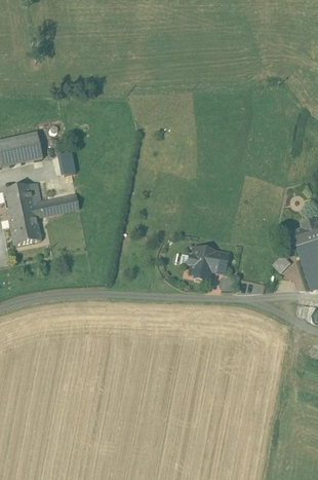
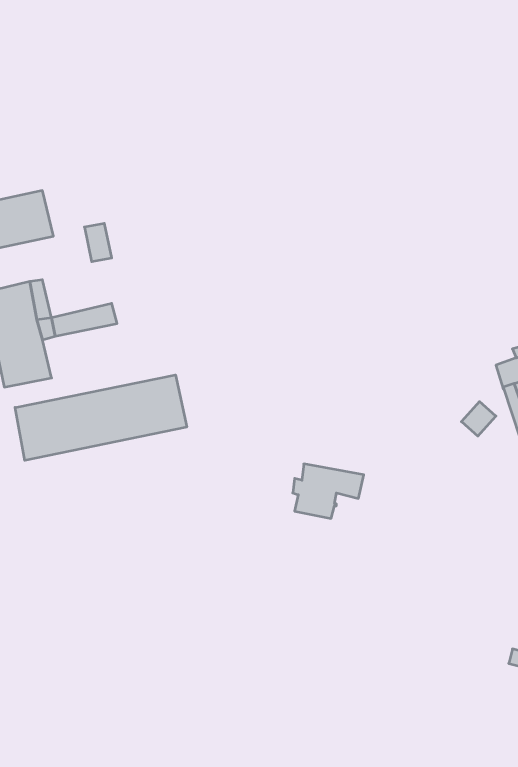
building: none -> [15,375,187,460]
building: [189,247,229,278] -> [293,464,364,518]

